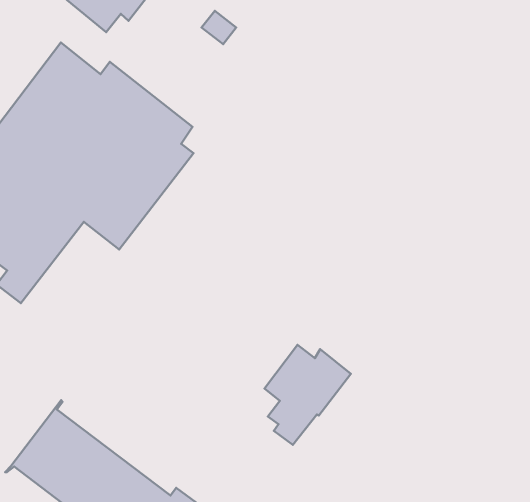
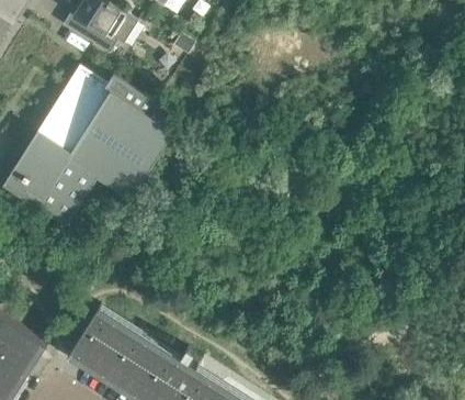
building: [264,345,351,445] -> none

